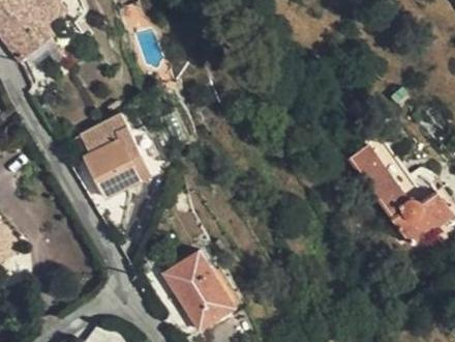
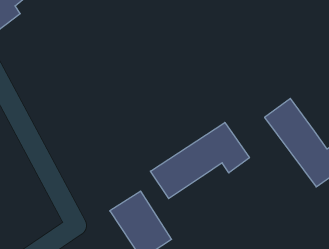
building: [78,113,150,198] -> none
building: none -> [150,122,249,199]

